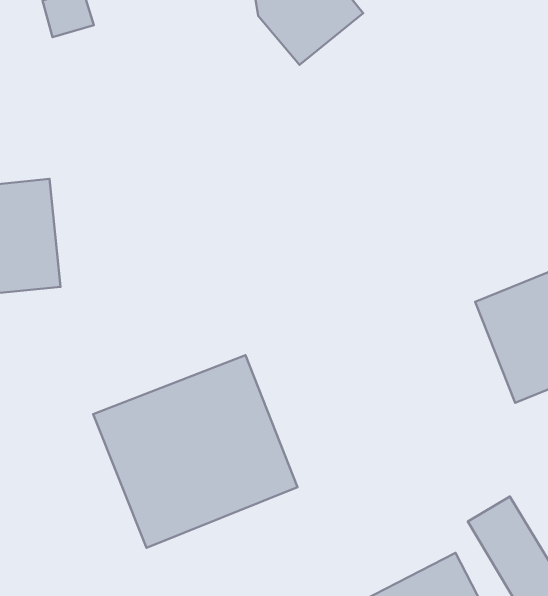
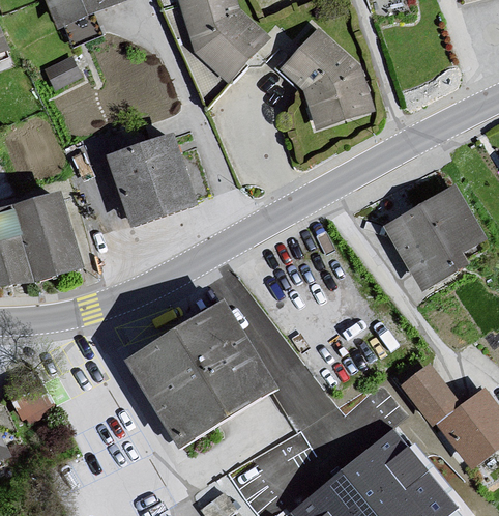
building: none -> [277,26,373,130]
building: none -> [106,135,199,230]

